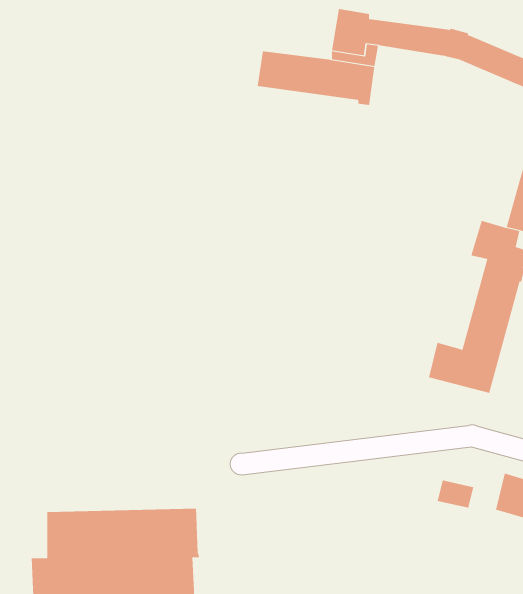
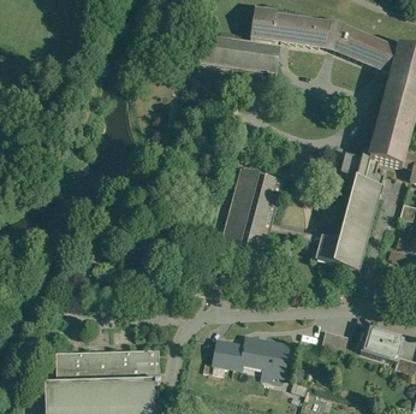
building: none -> [219,167,284,262]
building: none -> [214,336,289,375]

